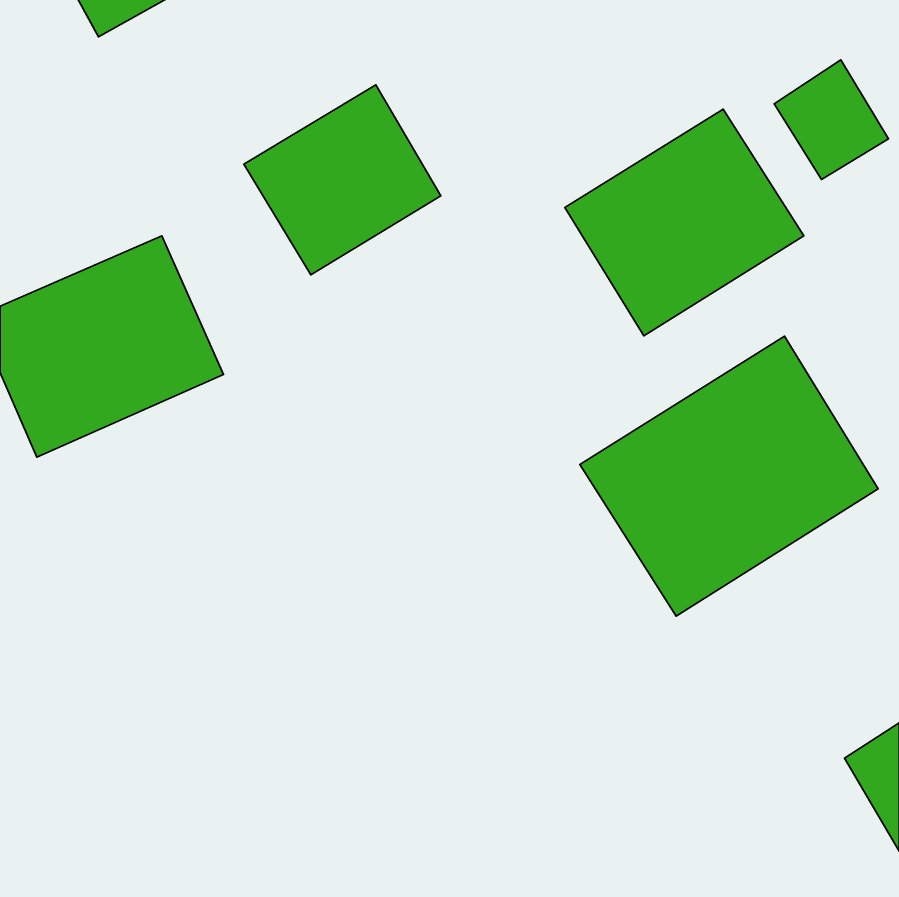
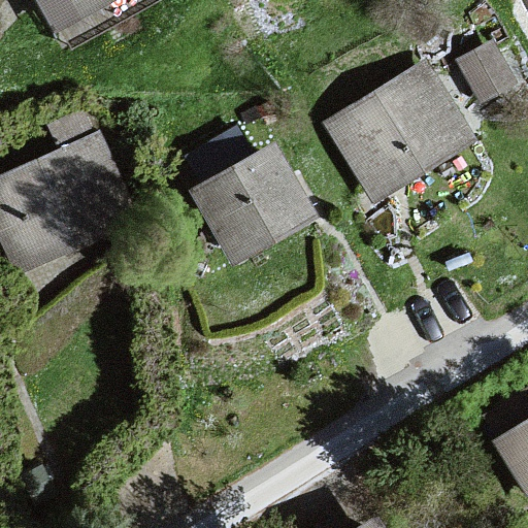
building: [244,85,441,275] -> [196,146,311,258]
building: [580,336,878,616] -> none

